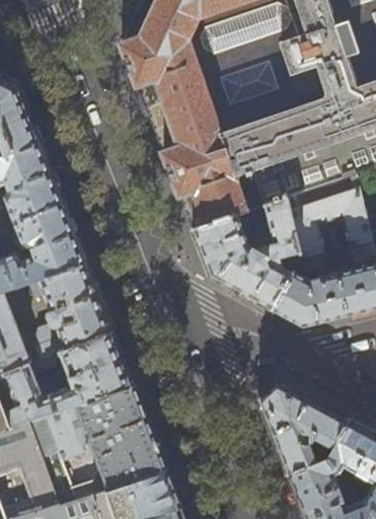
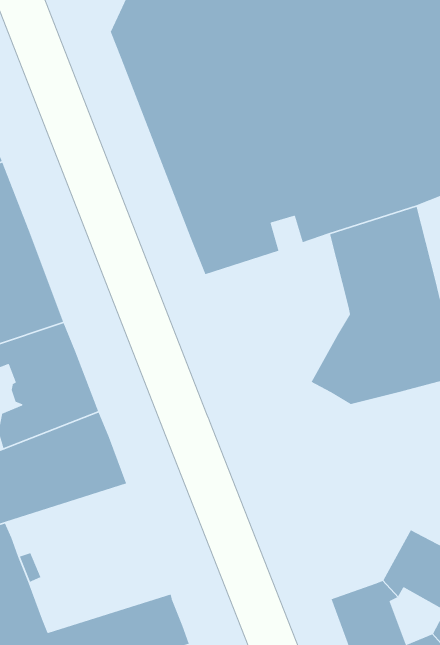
building: [192,197,300,309] -> none
building: [257,381,348,473] -> none
building: [41,386,166,499] -> none

